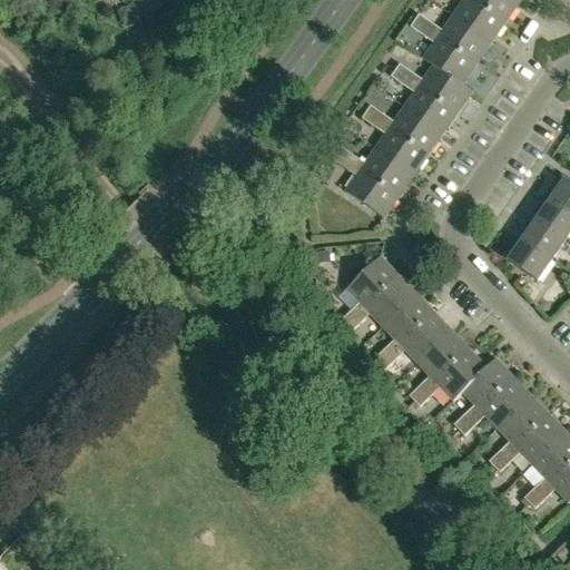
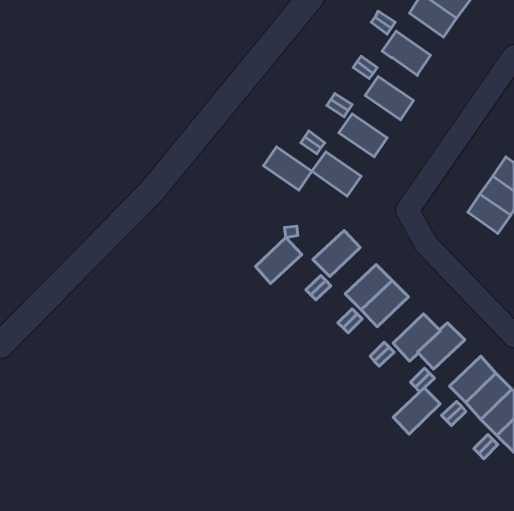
building: [439,14,491,61] -> none
building: [419,63,473,111] -> none
building: [390,106,443,153] -> none
building: [361,147,414,195] -> [264,147,312,190]
building: [503,235,551,279] -> none
building: [365,274,416,325] -> [255,237,302,284]
building: [417,328,469,380] -> none
building: [480,376,532,428] -> [393,388,440,434]

